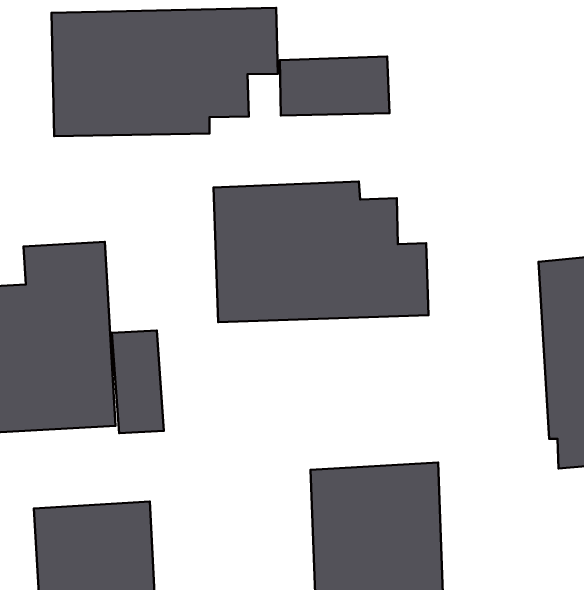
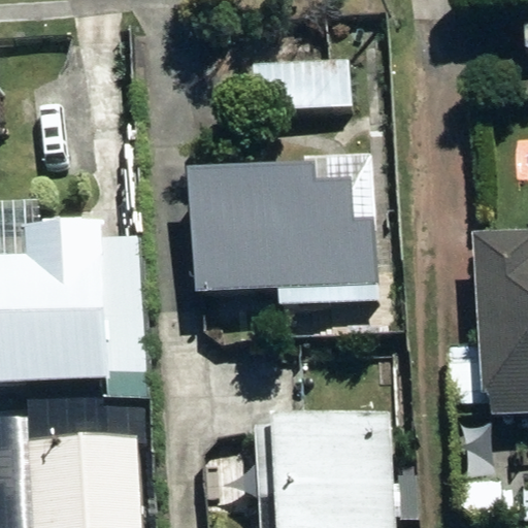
building: [52,8,278,136] -> none

